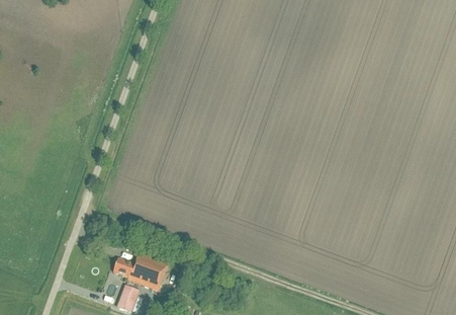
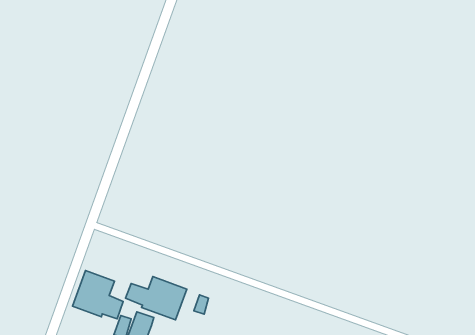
building: none -> [72,271,123,319]

